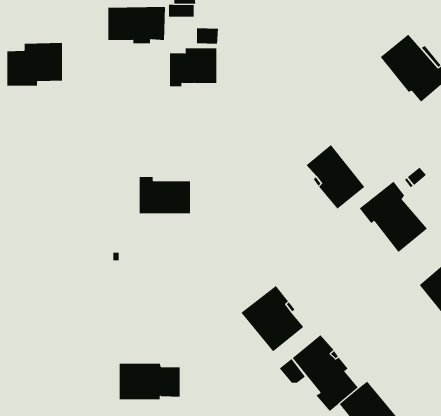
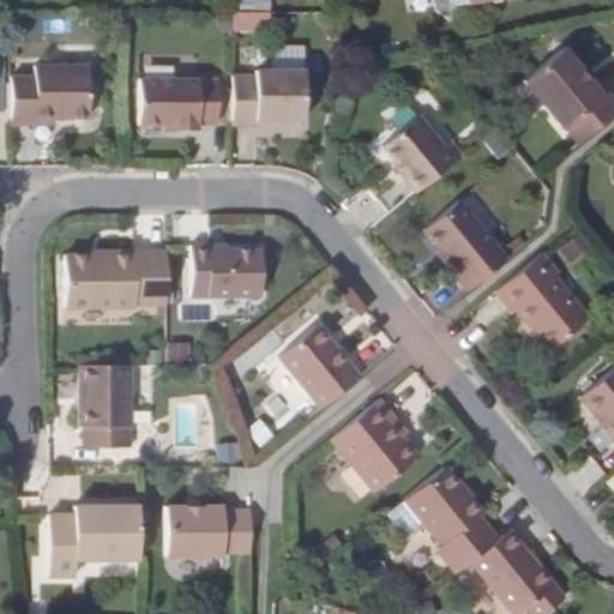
building: [107,7,166,44] -> [142,78,222,130]
building: none -> [381,118,463,197]
building: none -> [70,251,171,313]
building: none -> [281,323,363,408]
building: none -> [84,362,138,445]
building: none -> [52,500,142,572]

